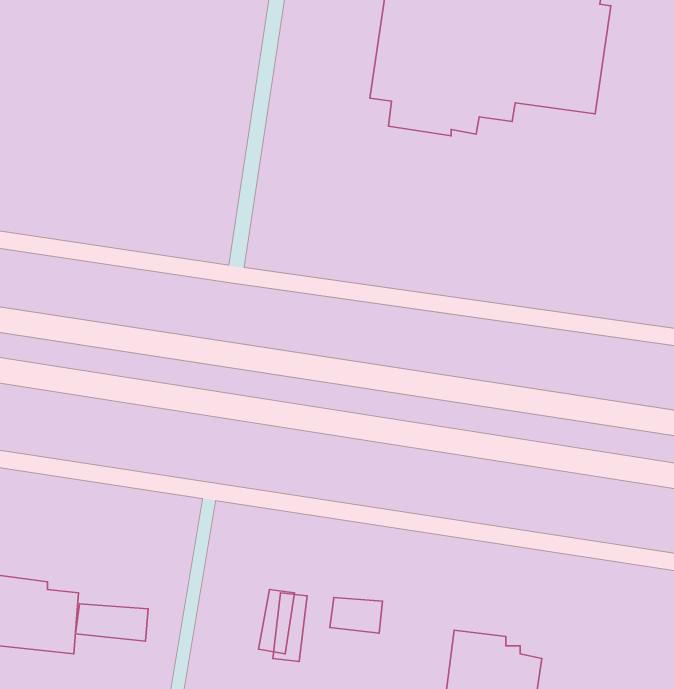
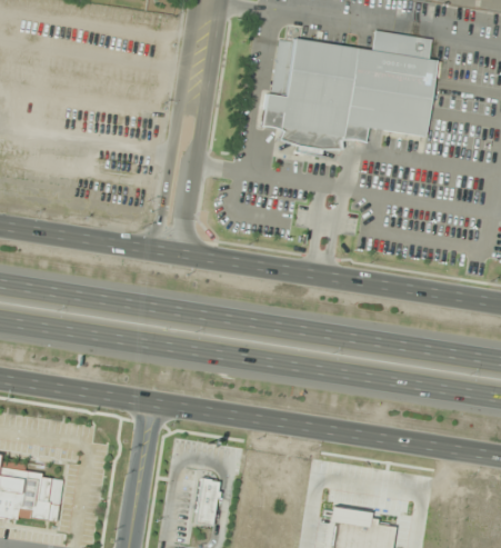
building: [330,597,382,633] -> none
building: [75,604,148,641] -> none

